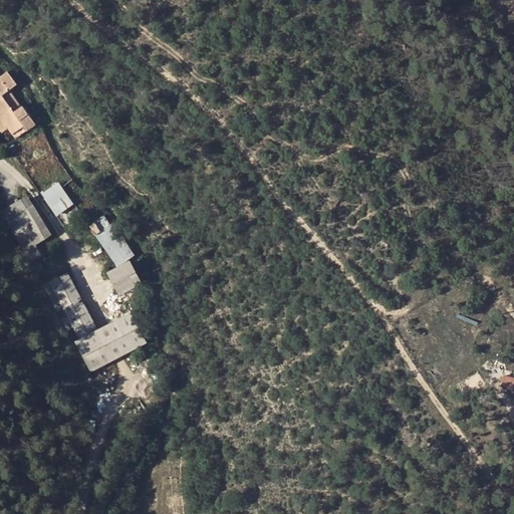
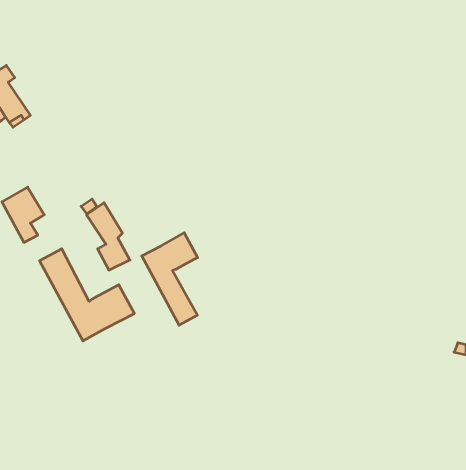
building: [41,182,73,215] -> none
building: none -> [142,233,198,325]

